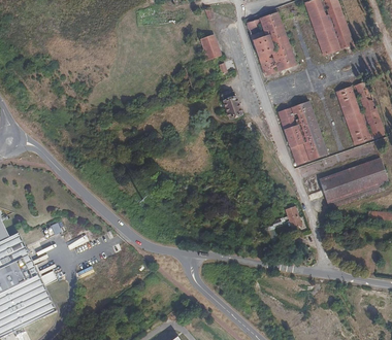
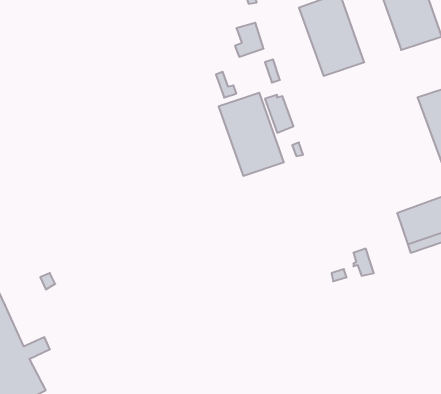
building: [277,101,327,164] -> [219,93,284,176]

